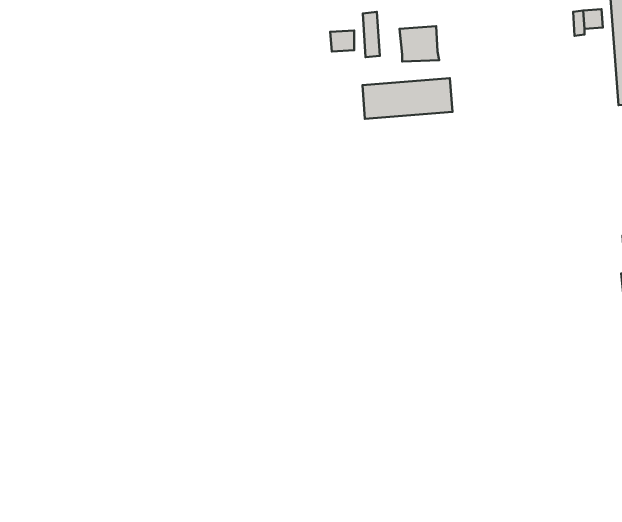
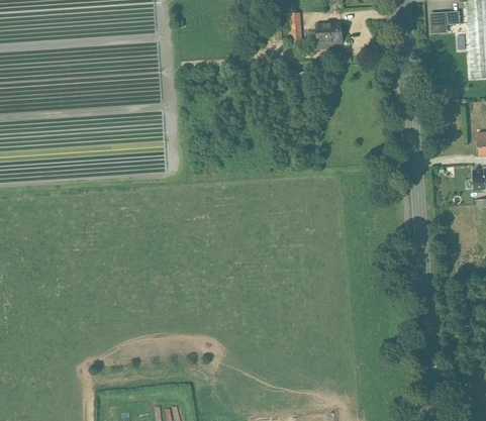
building: [362,78,452,119] -> none

